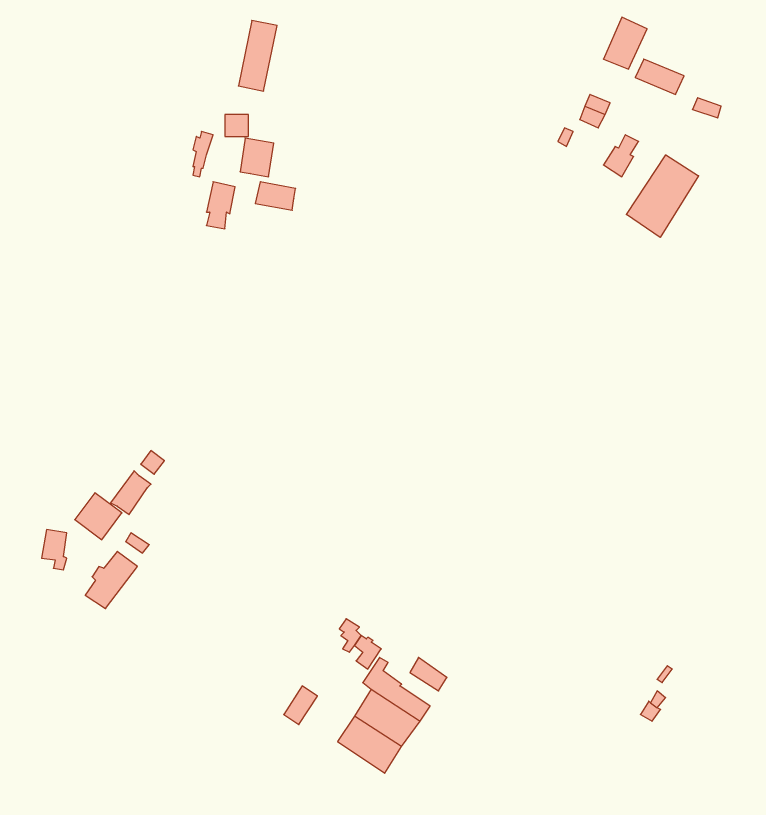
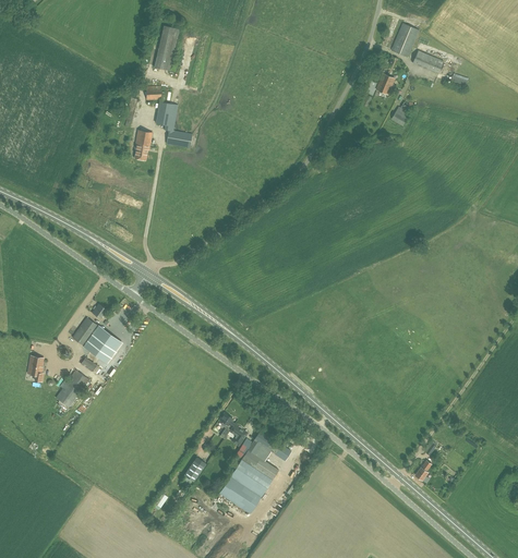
building: [626,155,699,237] -> none
building: [75,493,122,540] -> [86,330,117,361]

